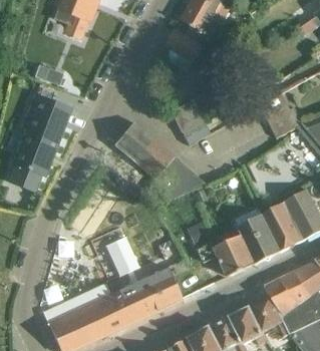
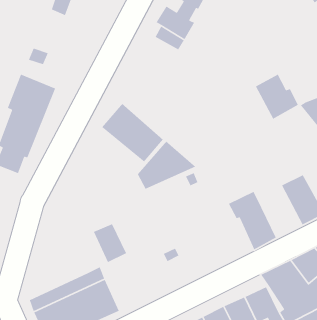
building: [172,104,210,145] -> none
building: [262,202,305,252] -> none
building: [198,233,259,278] -> none
building: [116,268,181,322] -> none

